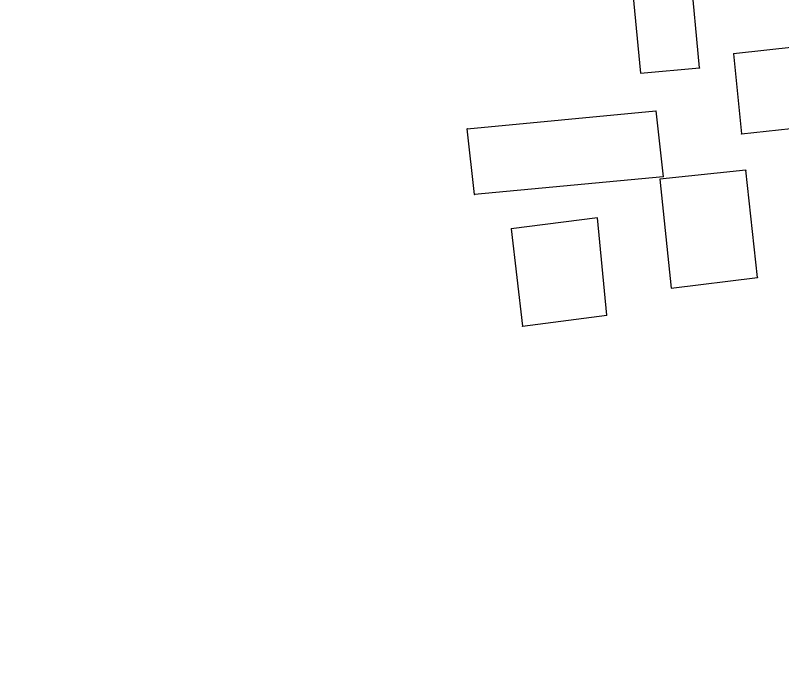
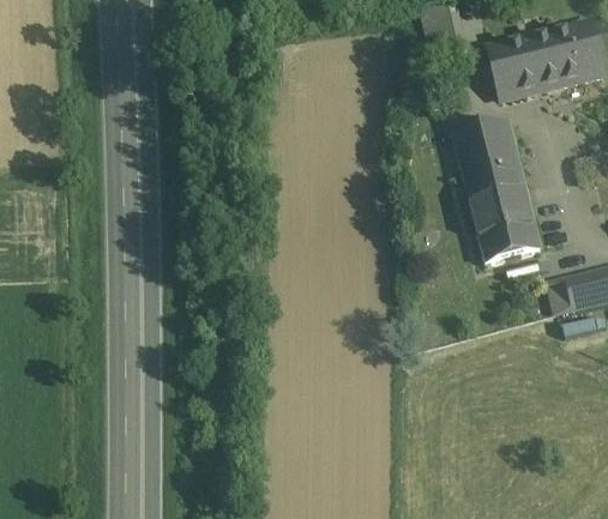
building: [467,111,663,195] -> none
building: [511,218,607,326] -> [470,187,538,262]

